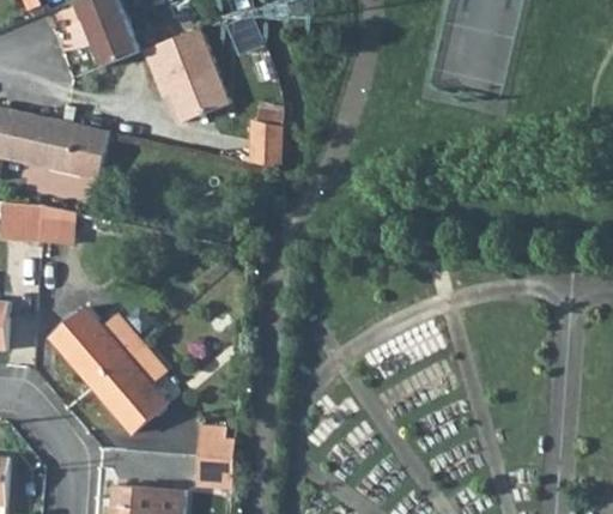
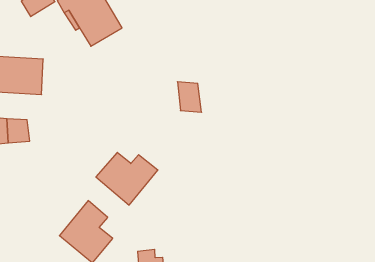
building: [250,119,281,168] -> [177,82,202,112]
building: [50,307,140,385] -> [96,152,158,205]

